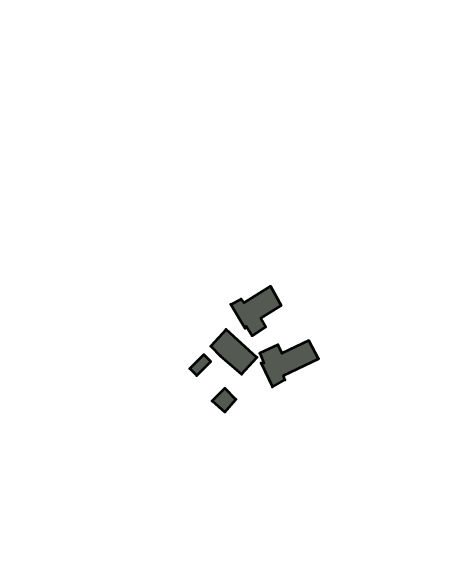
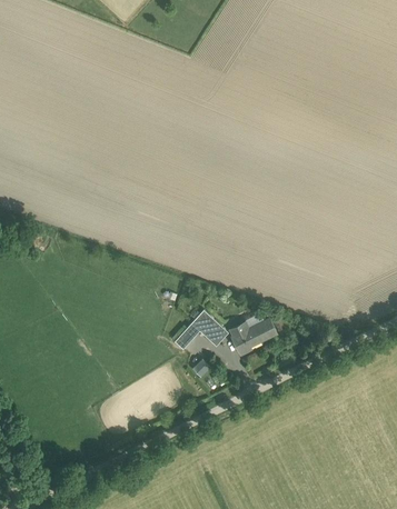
building: [231,286,281,336] -> none

